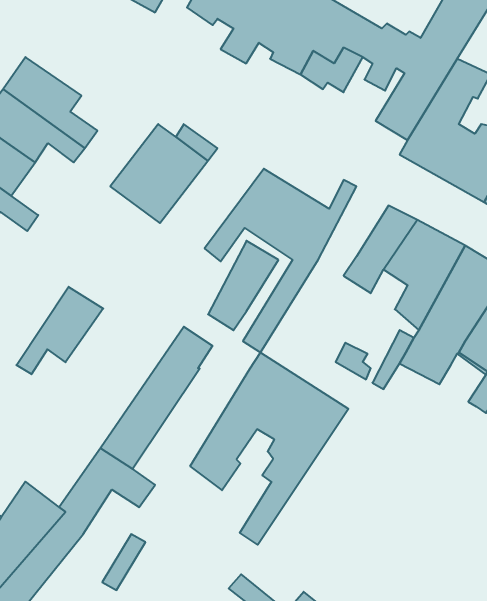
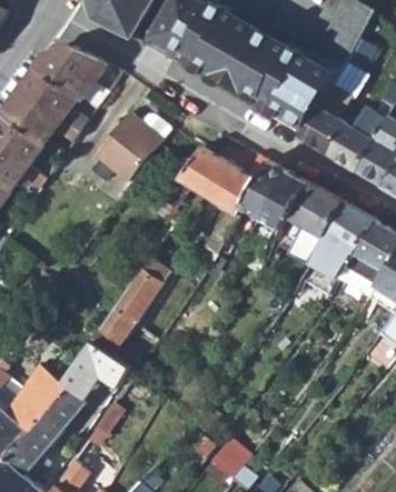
building: none -> [39,46,109,99]
building: none -> [251,69,303,118]
building: [208,241,278,330] -> [242,159,291,221]
building: [16,287,103,374] -> none
building: [190,352,348,545] -> none

